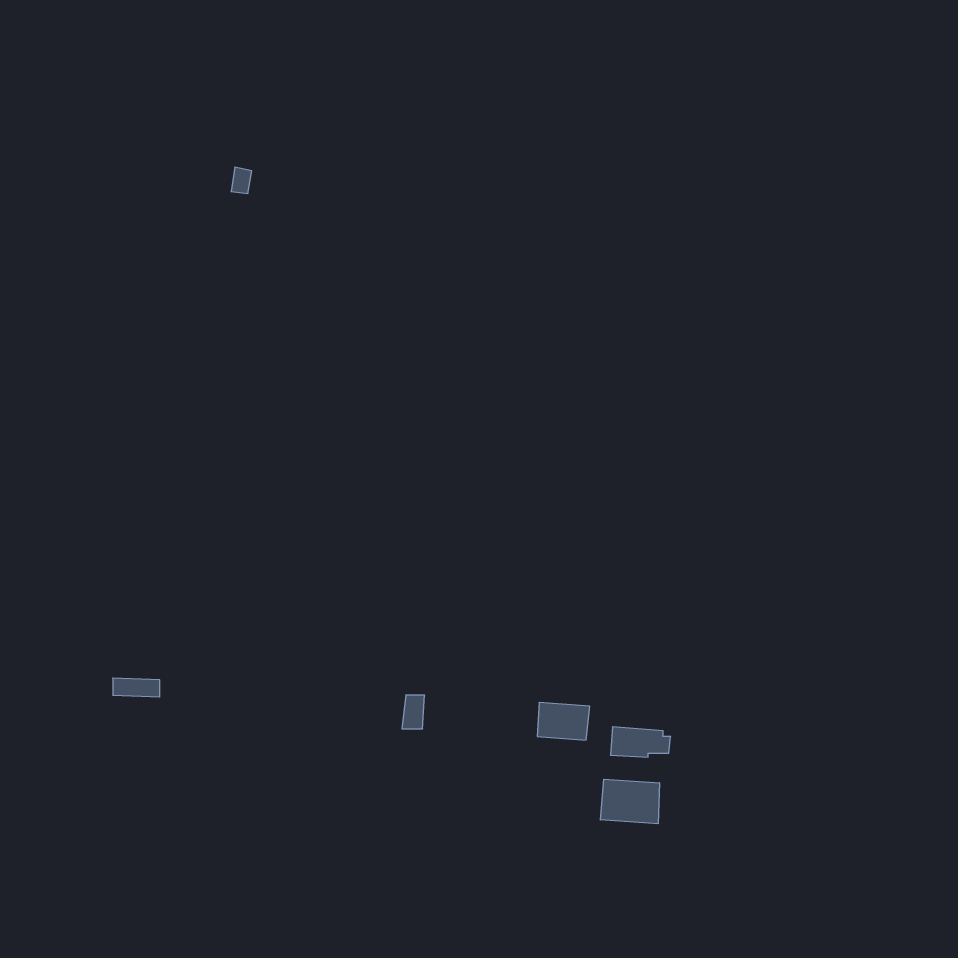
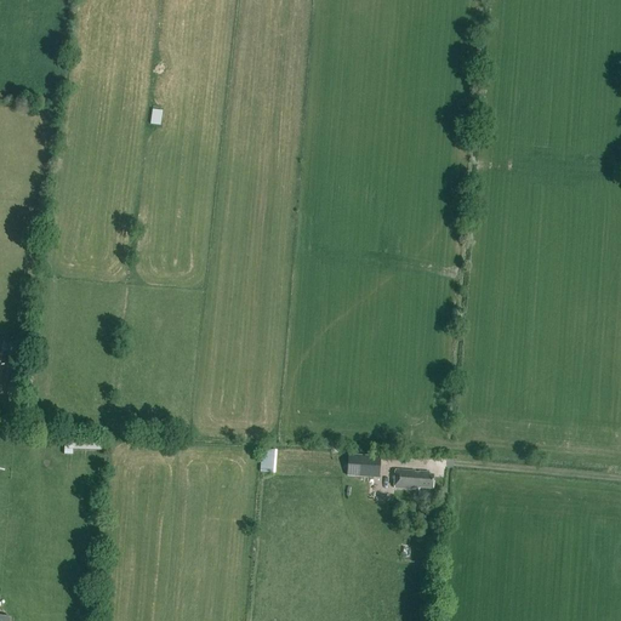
building: [600,779,659,824] -> none

